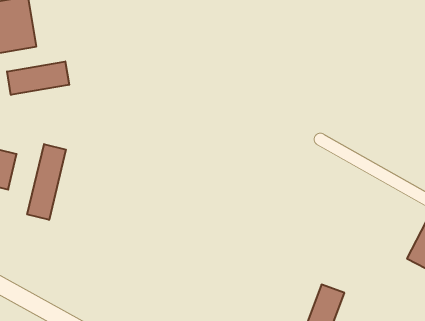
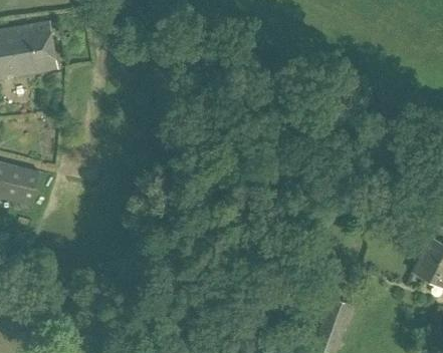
building: [7,61,69,95] -> none
building: [27,144,66,220] -> none

